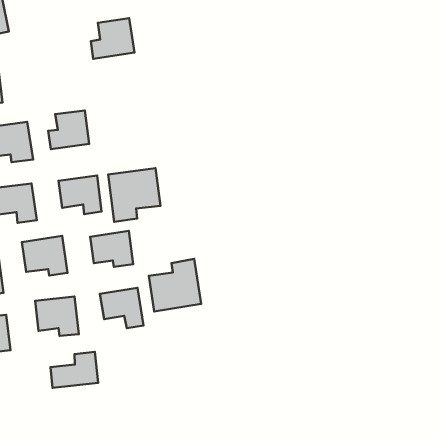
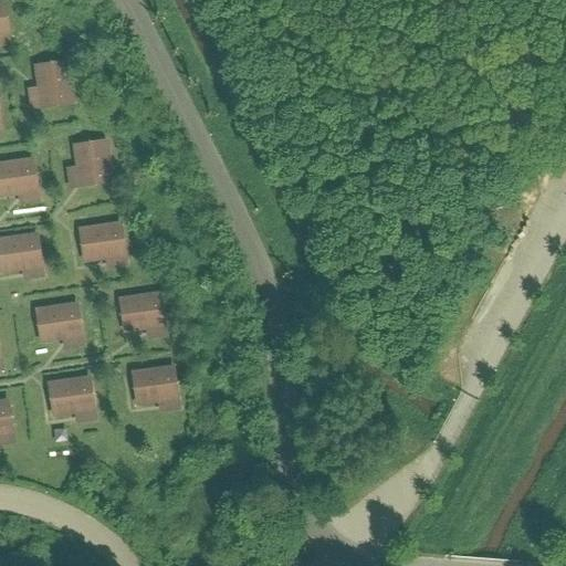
building: [91,18,134,59] -> [21,57,76,108]
building: [108,168,160,222] -> none
building: [149,259,201,311] -> none
building: [50,352,98,388] -> none

